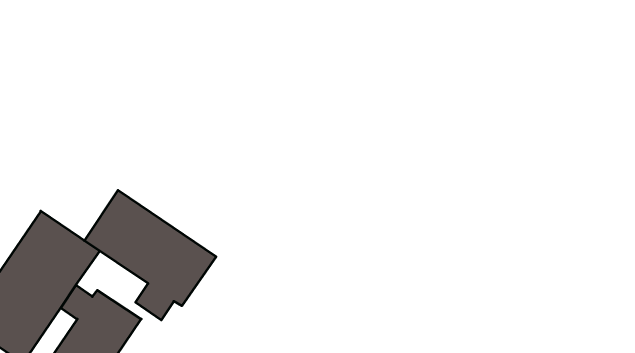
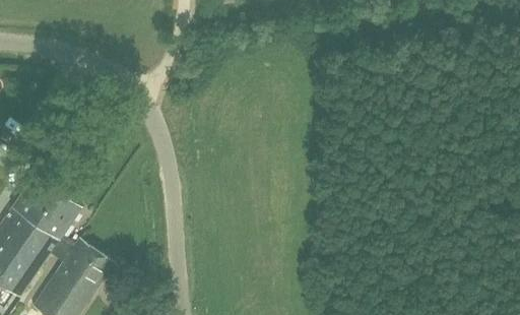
building: [84,190,216,320] -> none

